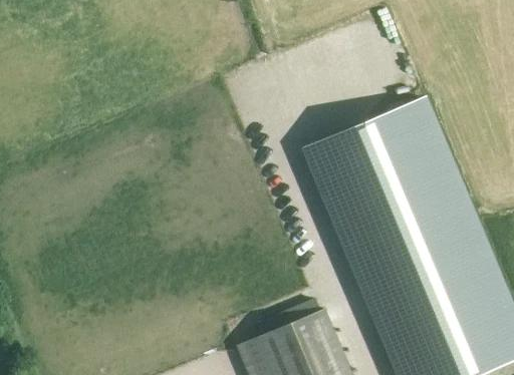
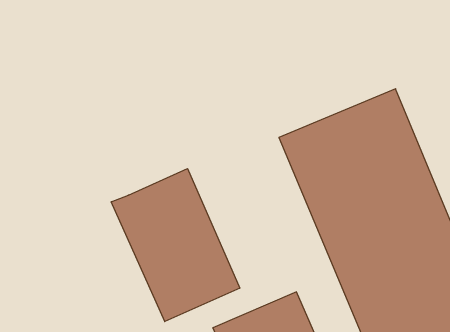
building: none -> [111,169,240,322]

